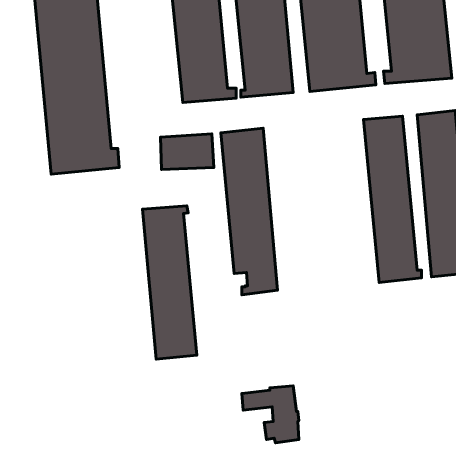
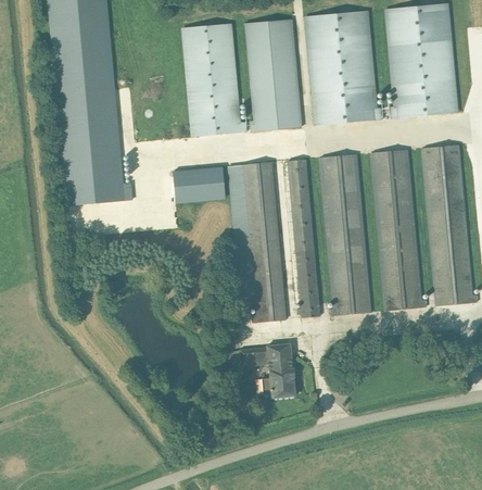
building: none -> [320,153,371,315]
building: none -> [288,159,321,317]
building: [143,206,197,359] -> none
building: [242,386,299,443] -> [240,342,295,398]

